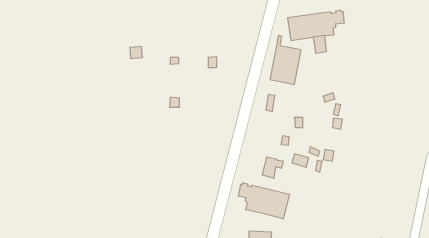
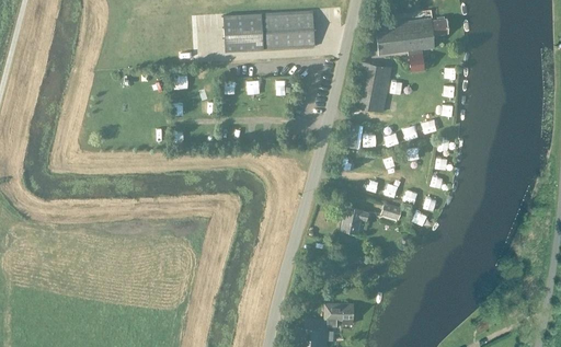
building: none -> [226,11,316,49]
building: [239,183,290,219] -> none

